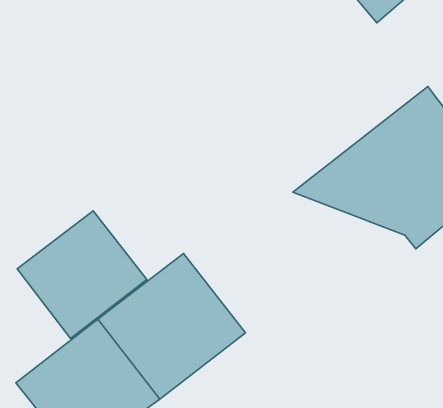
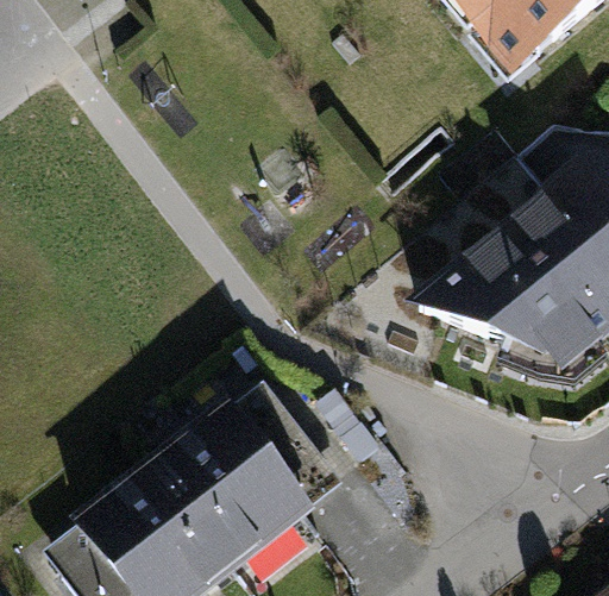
building: [17,211,147,339] -> none

